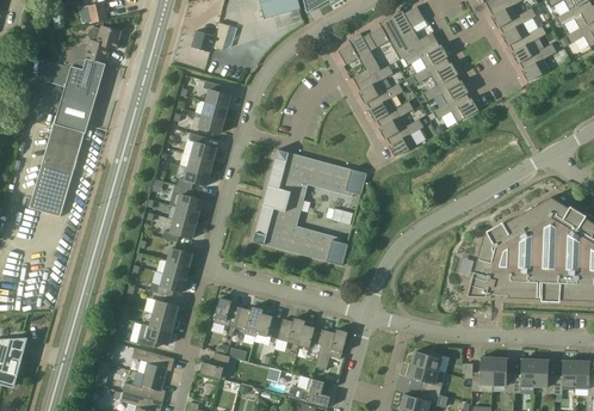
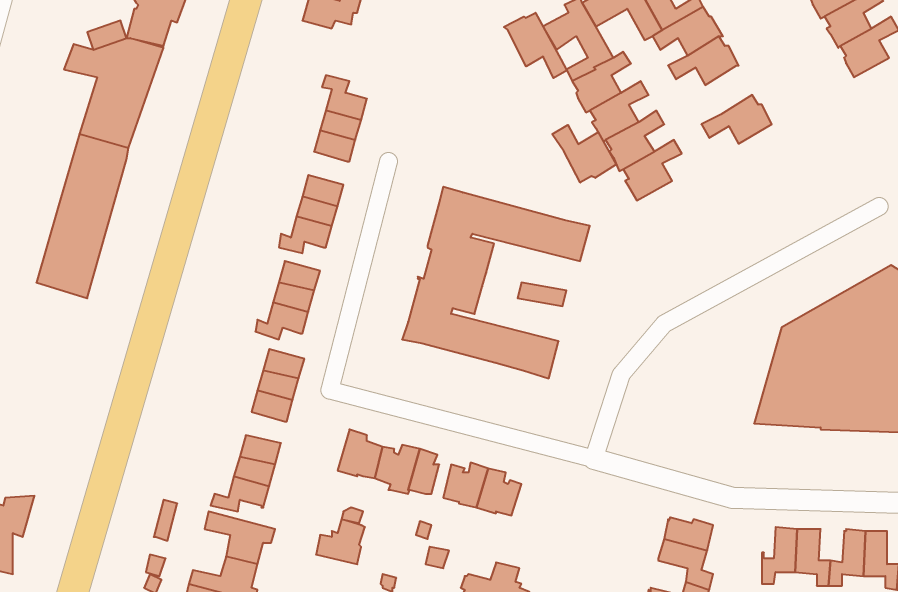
building: none -> [504,13,567,78]
building: [425,74,468,104] -> none
building: none -> [552,125,616,183]
building: [315,329,347,369] -> none

